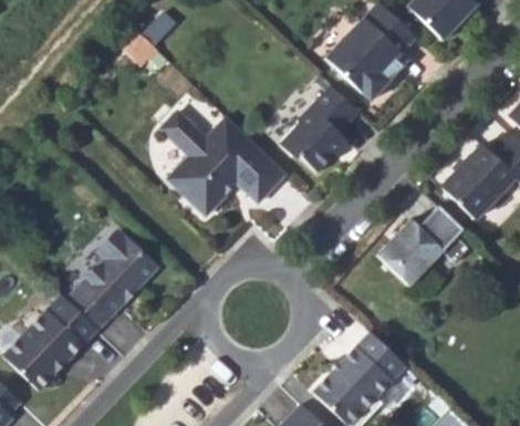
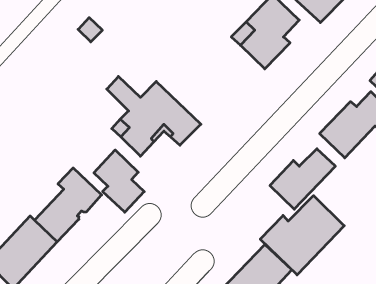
building: [279,85,360,172] -> none
building: none -> [94,150,144,212]
building: none -> [260,196,344,275]

